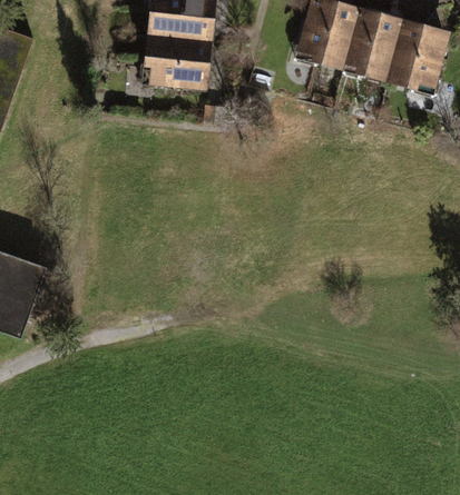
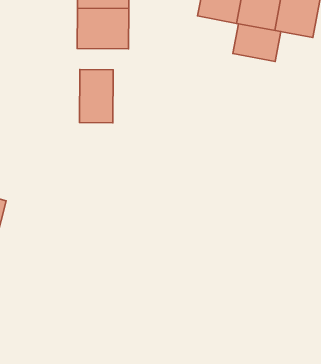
building: none -> [233,24,281,61]
building: none -> [80,69,113,123]

